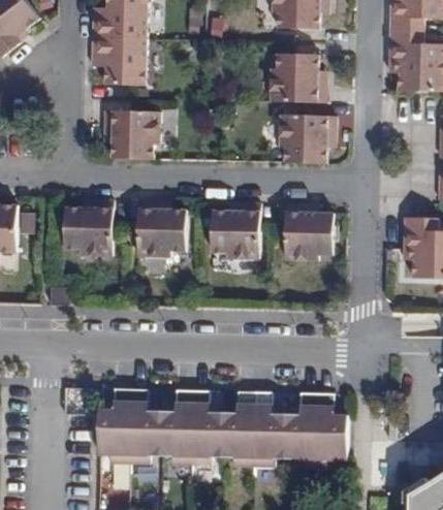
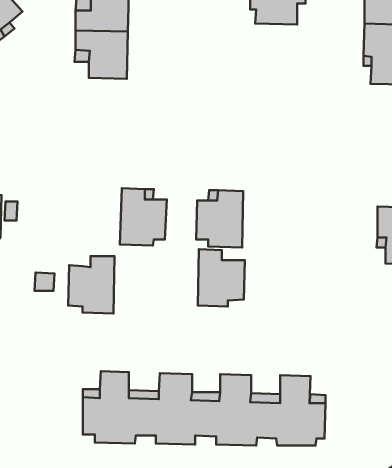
building: [268,54,327,103] -> none
building: [103,109,162,160] -> none
building: [277,117,336,163] -> none
building: [67,198,115,257] -> [68,256,114,313]
building: [284,202,333,261] -> [198,249,245,306]

